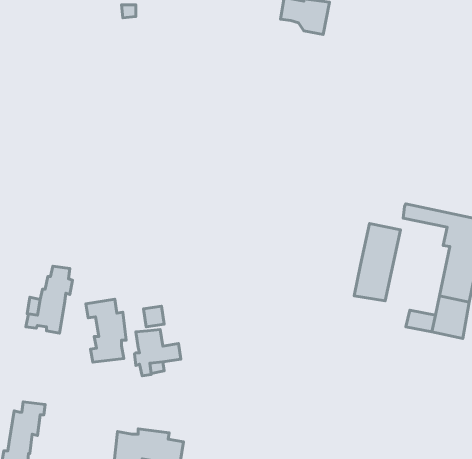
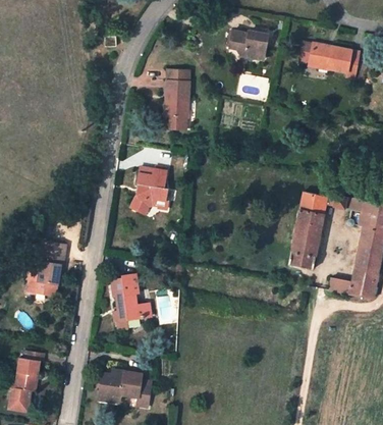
building: none -> [298,42,359,79]
building: none -> [166,69,188,129]
building: none -> [130,166,168,214]
building: none -> [299,191,327,214]
building: [86,299,126,362] -> none

